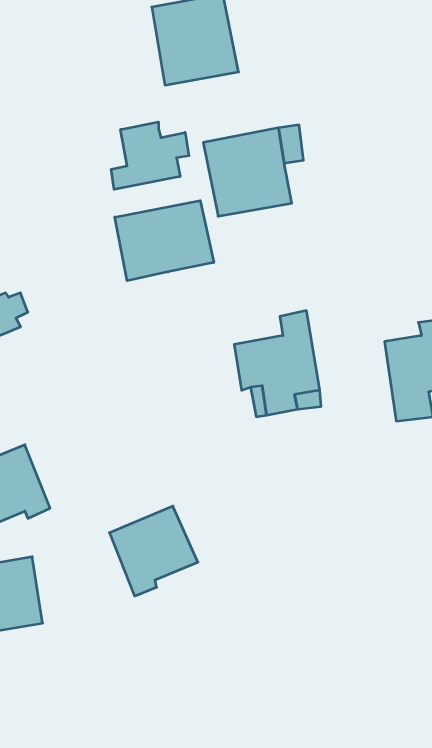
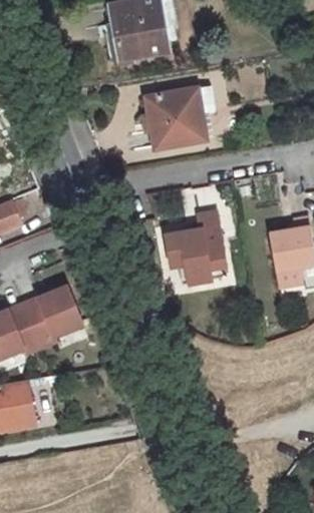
building: [111,122,189,189] -> none
building: [115,201,214,281] -> none
building: [109,506,198,596] -> [23,286,83,347]

